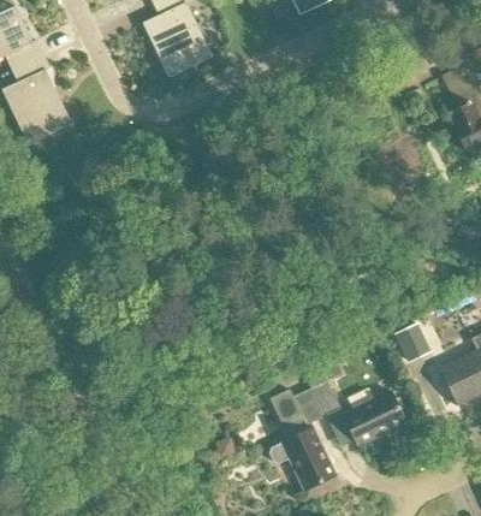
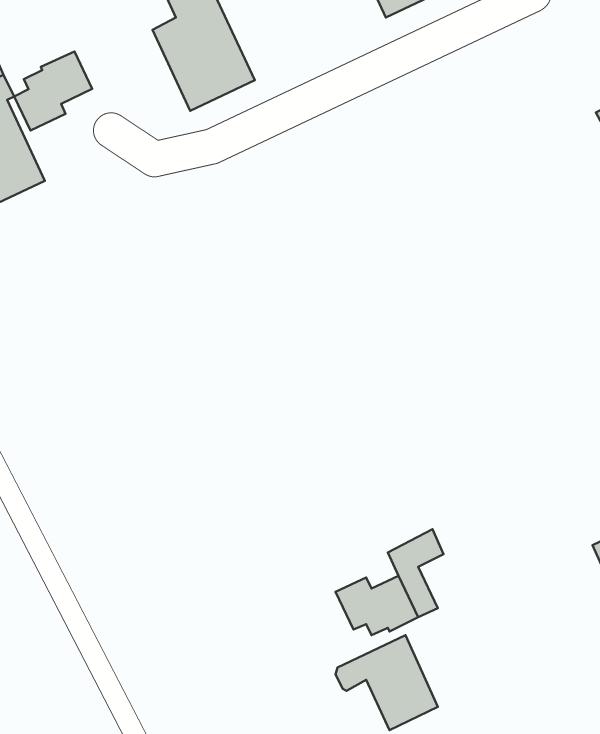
building: none -> [14,52,92,130]
building: [393,325,428,362] -> none
building: [344,392,406,446] -> none

